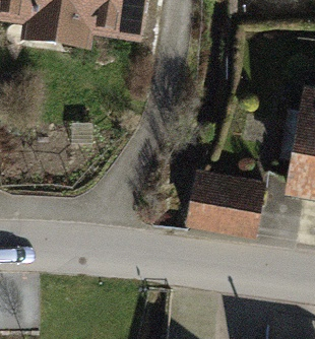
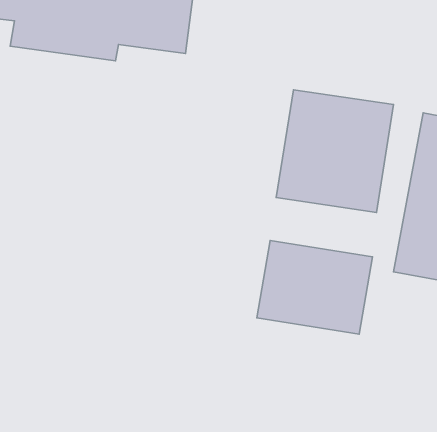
building: none -> [276,90,394,212]

